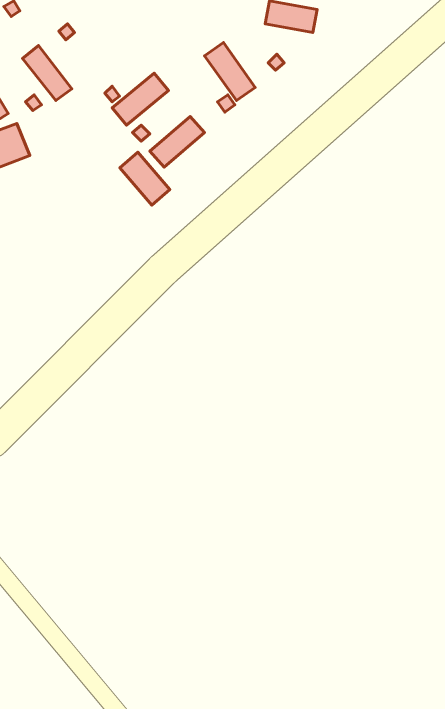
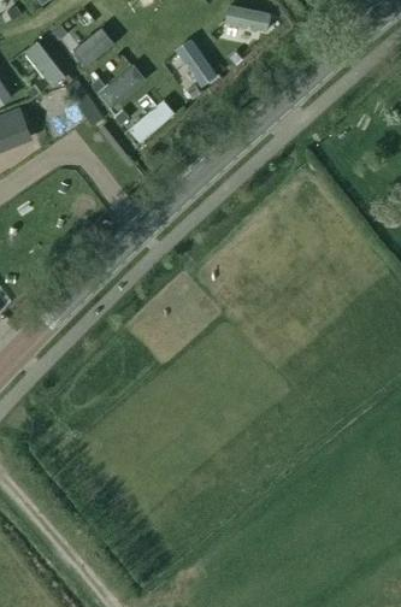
building: none -> [72,30,112,67]
building: [120,152,170,205] -> none

